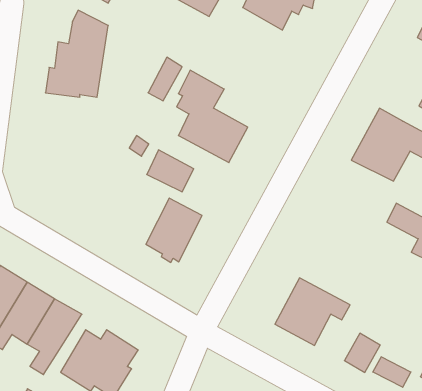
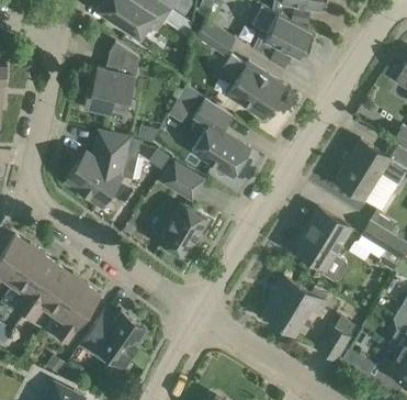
building: none -> [223,55,285,119]
building: none -> [66,130,142,205]
building: none -> [293,208,351,281]

